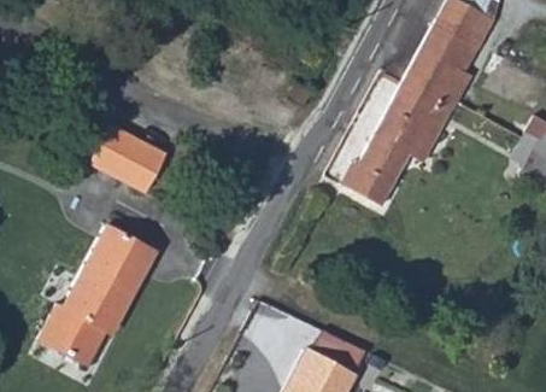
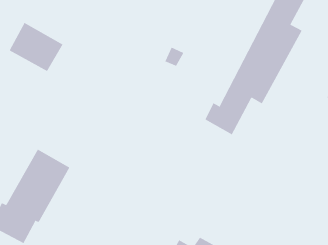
building: [92,121,169,191] -> [9,22,64,72]

